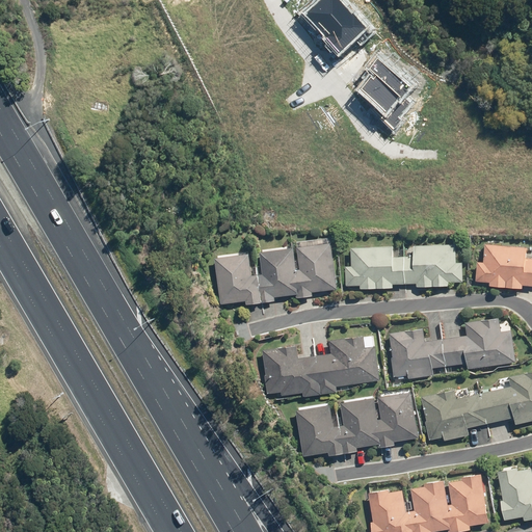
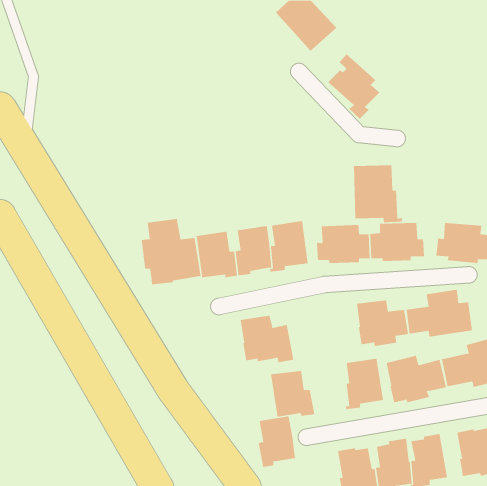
building: none -> [354,164,402,223]
building: none -> [141,218,201,285]
building: [314,335,379,394] -> none
building: [339,397,380,453] -> [258,416,296,468]

